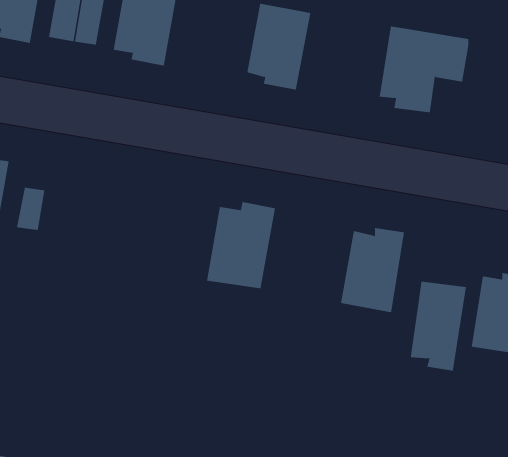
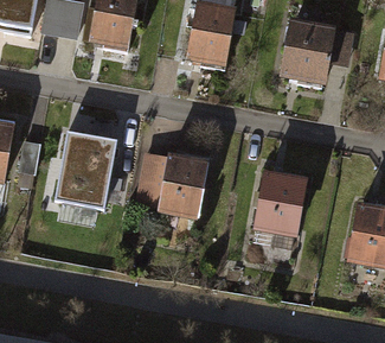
building: none -> [59,129,120,201]
building: none -> [133,150,166,208]
building: [410,281,466,371] -> none

